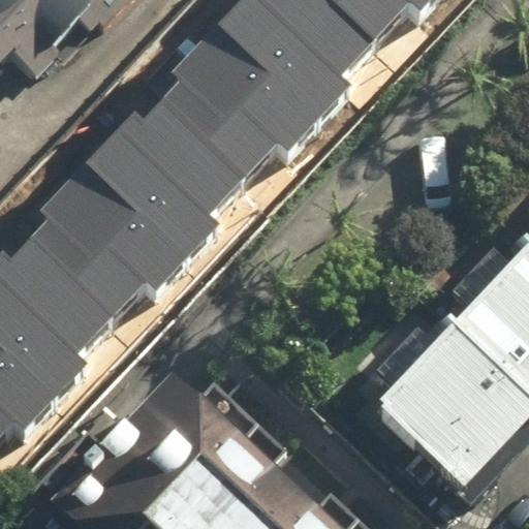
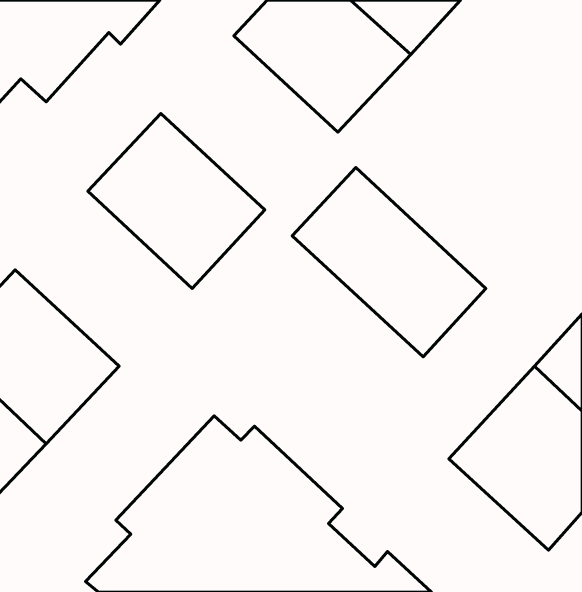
building: [144,32,302,187] -> none
building: none -> [292,167,486,357]
building: [13,170,172,326] -> none

